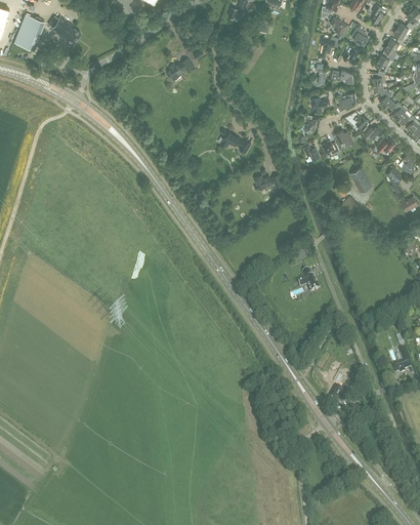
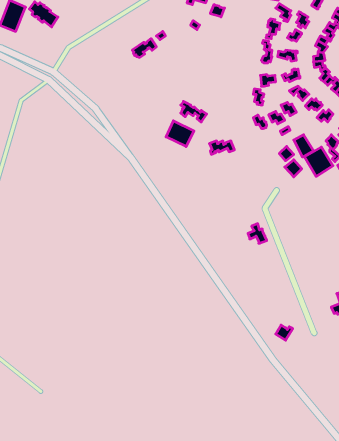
building: none -> [166,121,194,147]
building: none -> [305,147,333,176]

